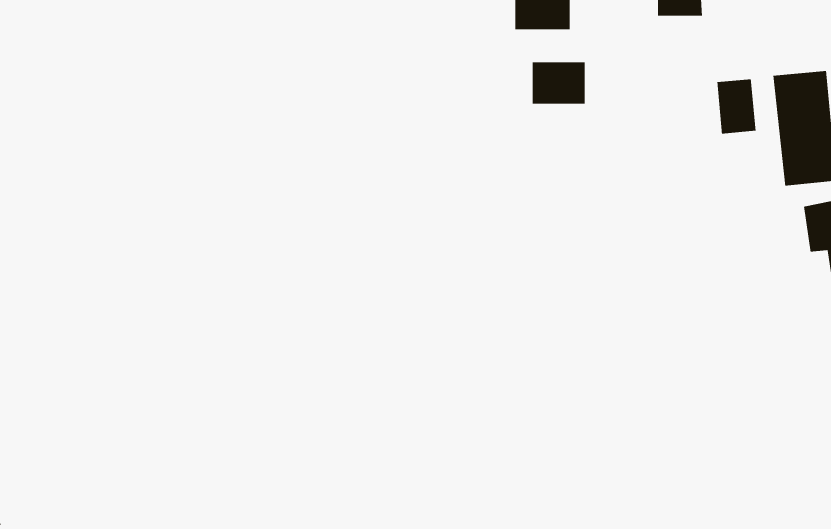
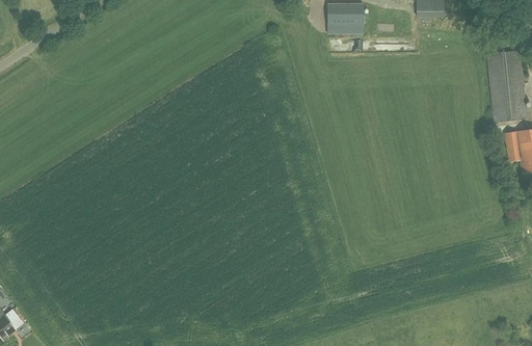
building: [532,62,585,105] -> none
building: [717,78,756,134] -> none

